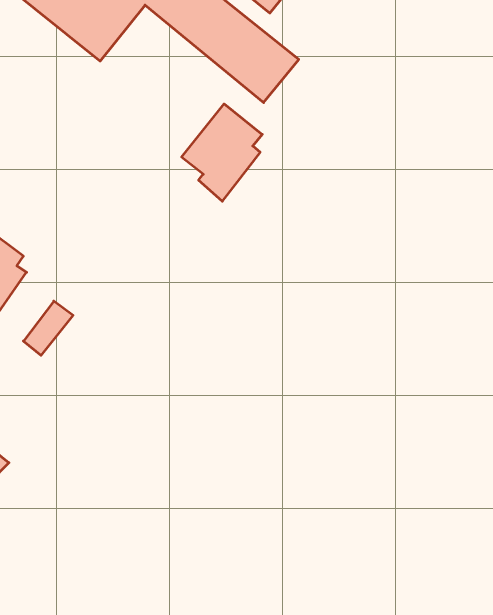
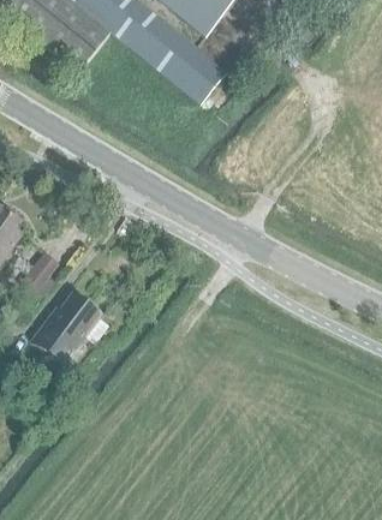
building: [182,104,262,201] -> none
building: none -> [29,292,102,367]

